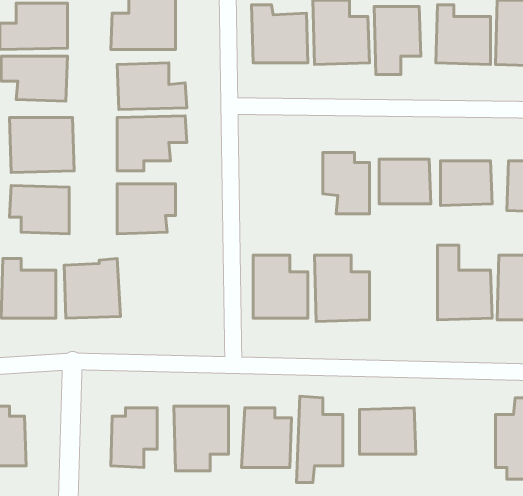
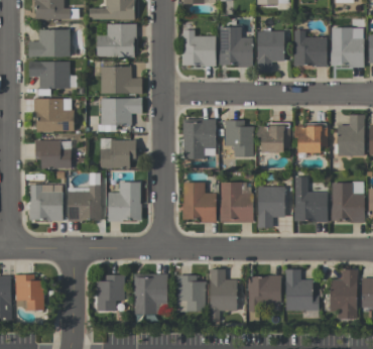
building: none -> [182,119,216,159]
building: none -> [107,182,141,221]
building: none -> [257,187,285,228]
building: none -> [285,269,319,311]

